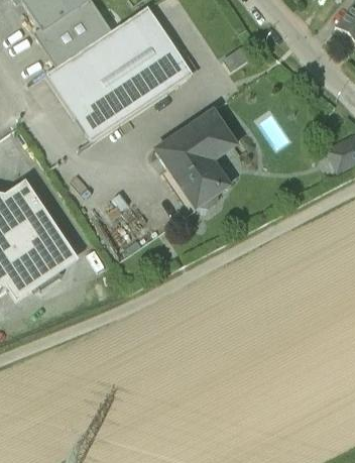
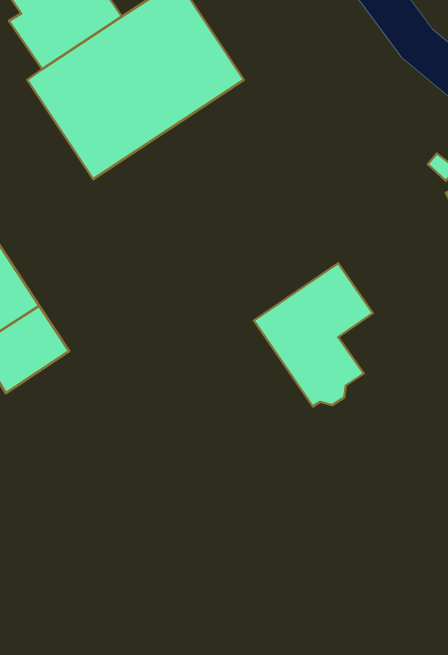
building: [154,111,234,207] -> [254,263,373,407]

